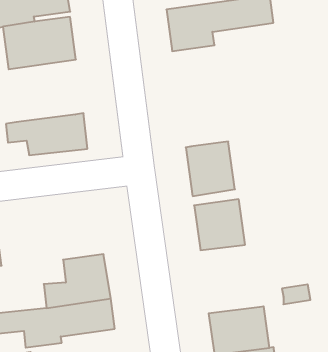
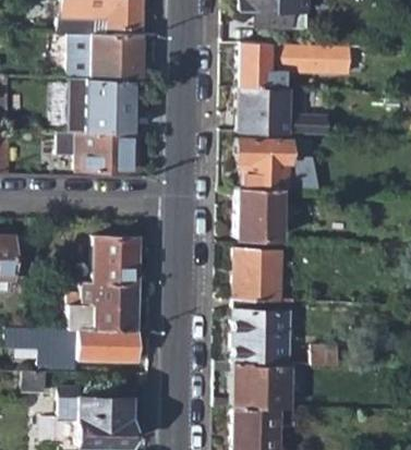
building: none -> [240,87,330,133]
building: none -> [69,78,141,136]
building: none -> [240,139,316,191]
building: none -> [94,239,138,284]
building: none -> [234,296,289,365]

